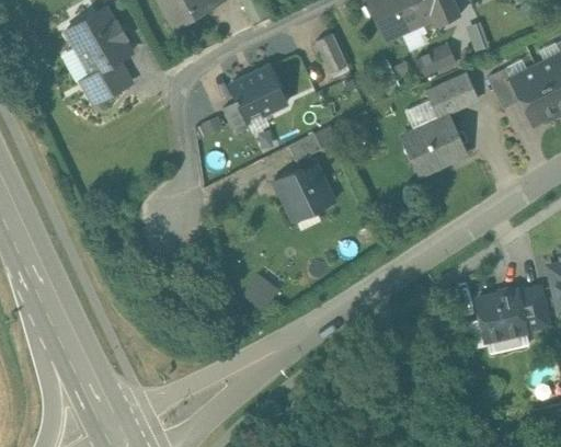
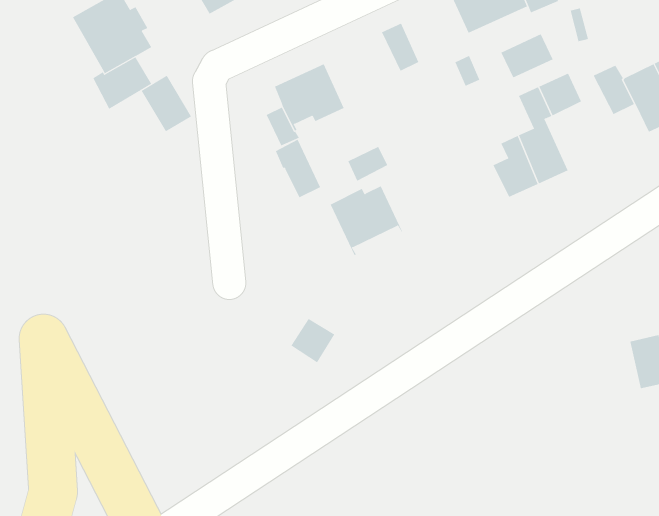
building: none -> [141,75,192,132]
building: none -> [275,139,321,198]
building: [476,290,525,341] -> none

